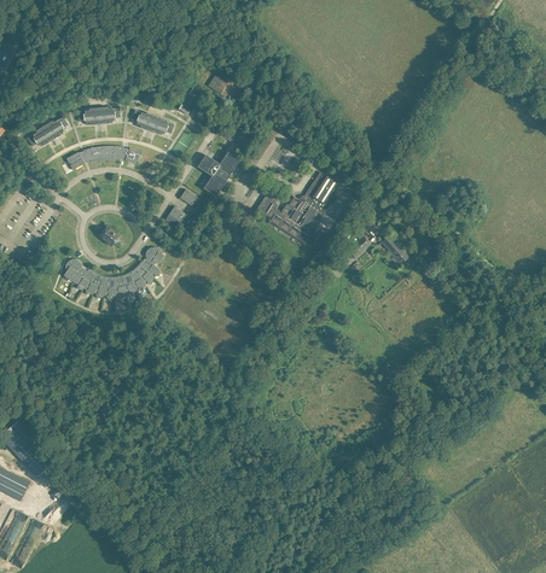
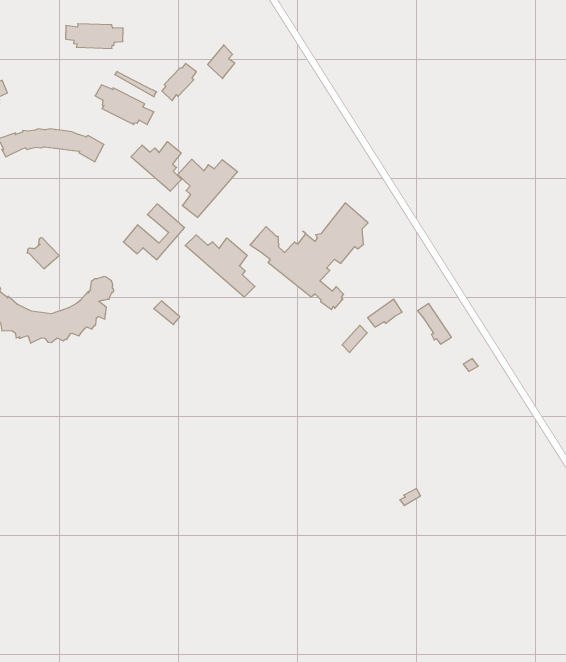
building: [77,106,120,125] -> [66,24,123,49]
building: none -> [131,142,182,191]
building: none -> [185,235,255,297]

